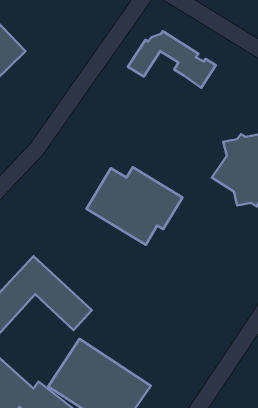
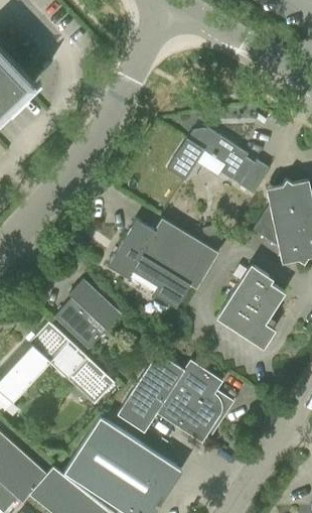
building: [128,31,216,88] -> [168,129,270,195]
building: none -> [219,268,286,347]
building: none -> [55,281,122,351]
building: none -> [118,355,224,444]

